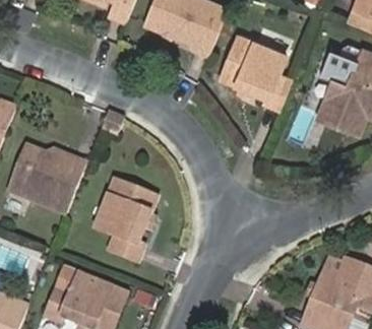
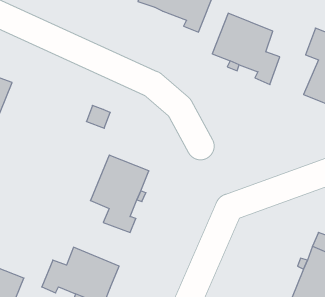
building: [10,143,85,209] -> none

